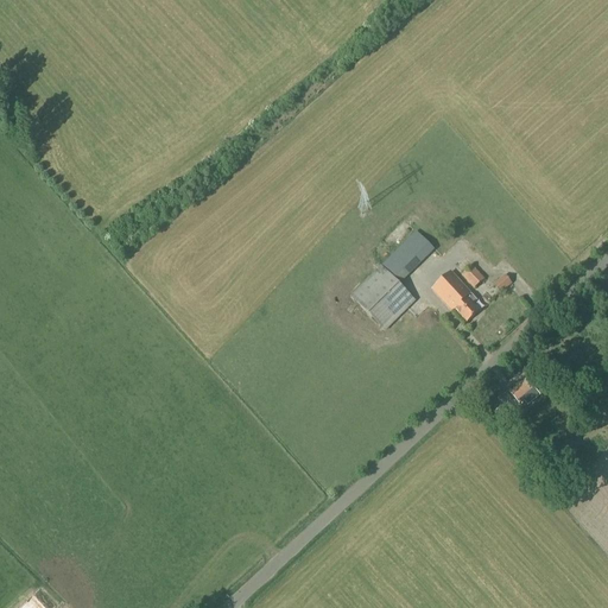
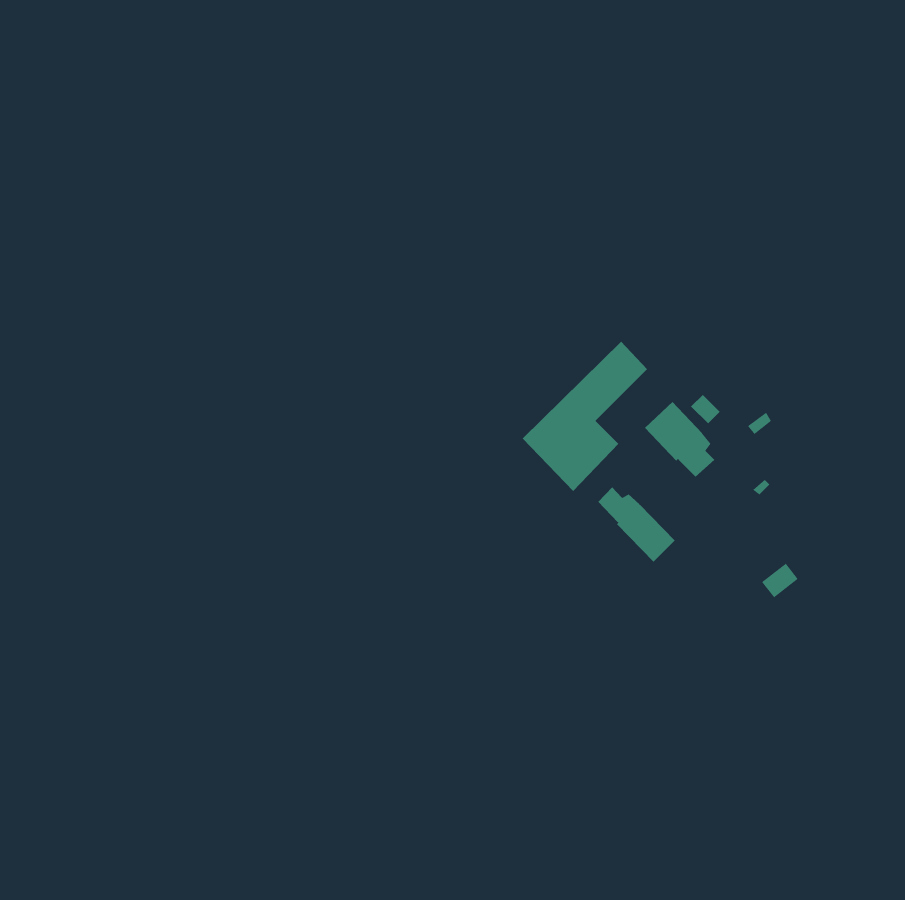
building: none -> [598,487,676,562]

